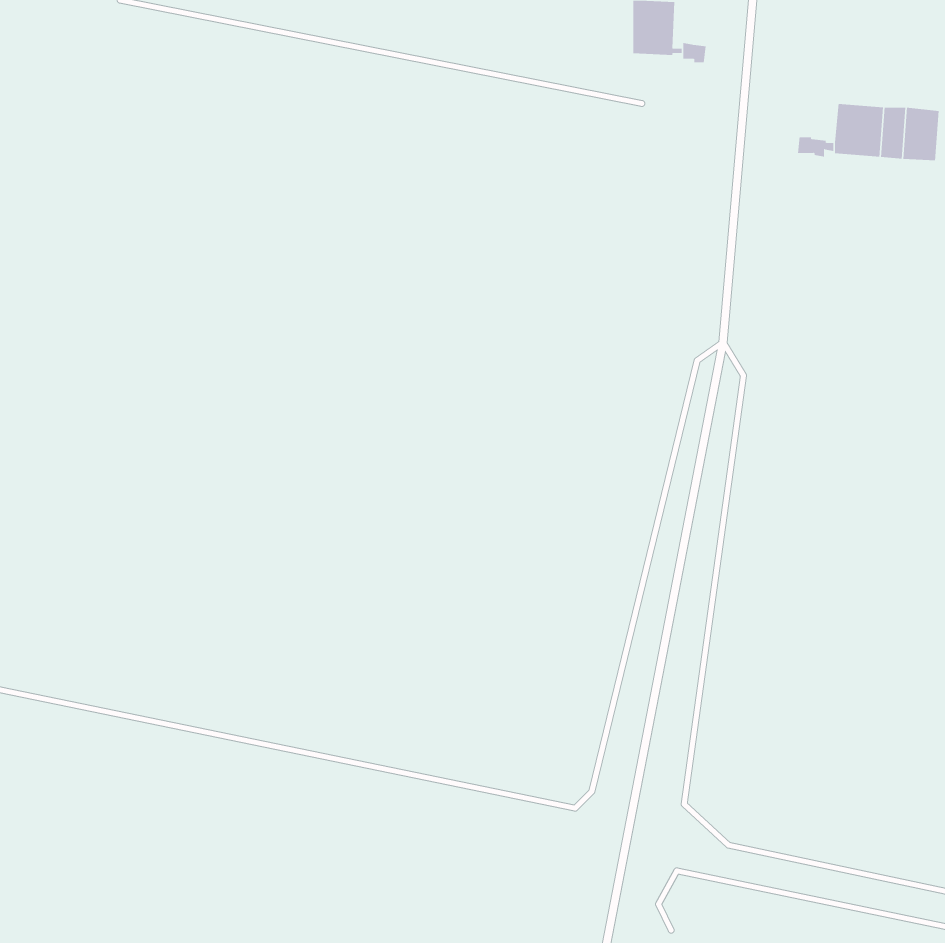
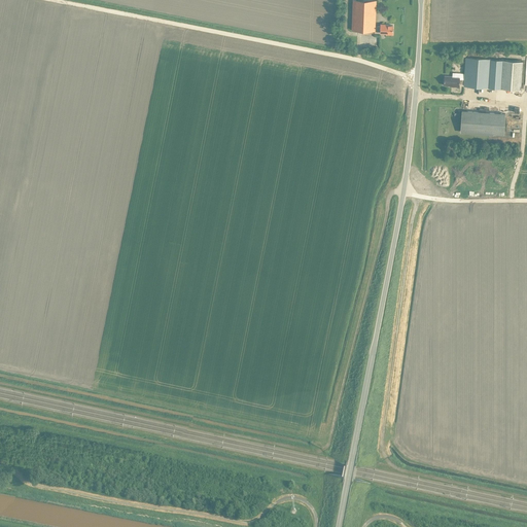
building: none -> [460,112,505,136]

